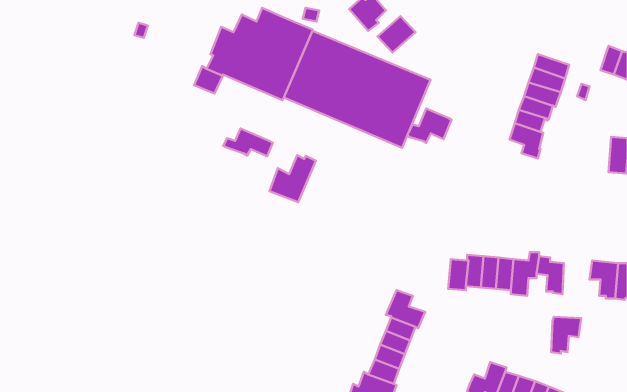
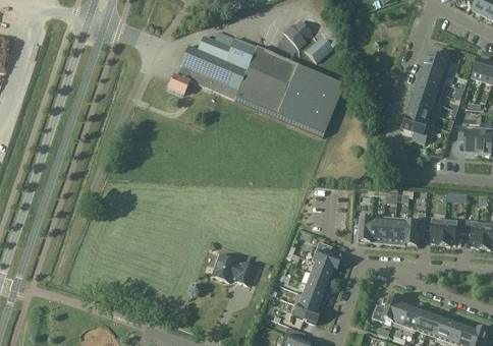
building: none -> [425,49,454,72]
building: [407,109,452,143] -> none
building: [223,129,273,156] -> none
building: none -> [458,125,480,153]
building: [270,155,316,202] -> none
building: none -> [211,253,254,284]
building: [551,317,581,354] -> [443,218,465,245]

